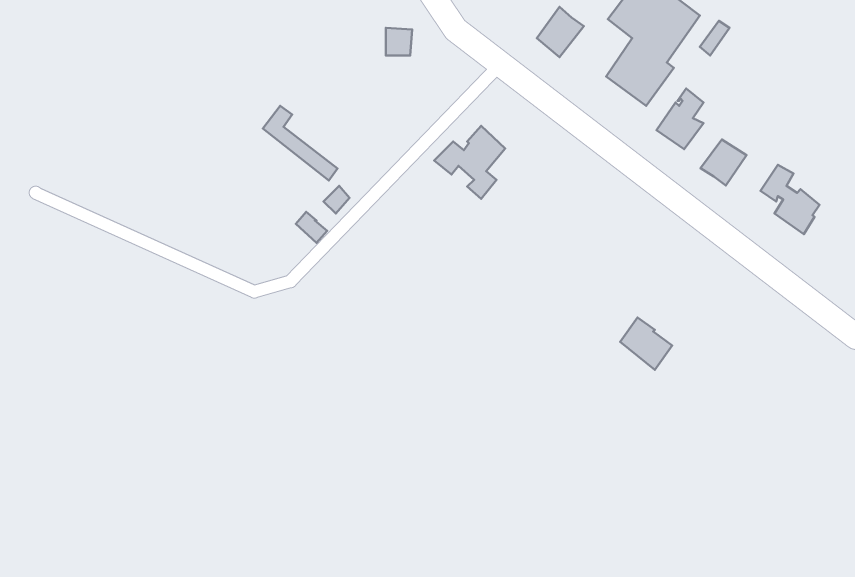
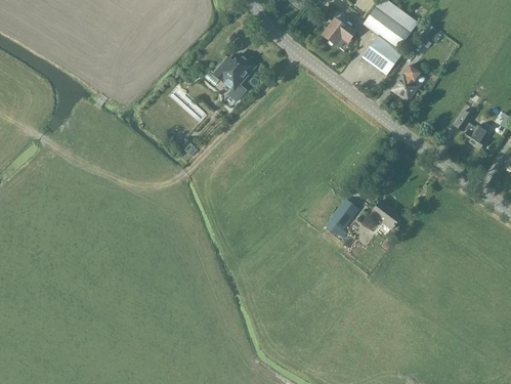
building: [434,126,505,199] -> [214,52,256,95]
building: [701,139,747,185] -> none
building: none -> [326,198,358,238]

